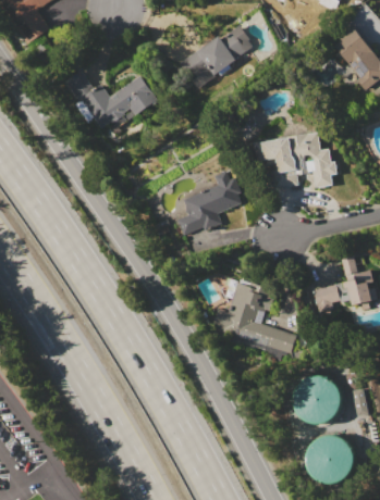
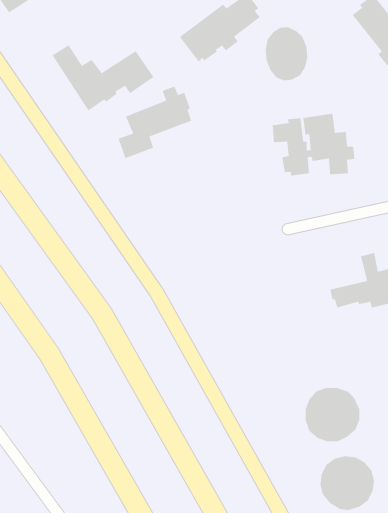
building: none -> [265,26,308,81]
building: [175,172,242,237] -> [117,86,192,159]
building: [209,282,291,360] -> none

